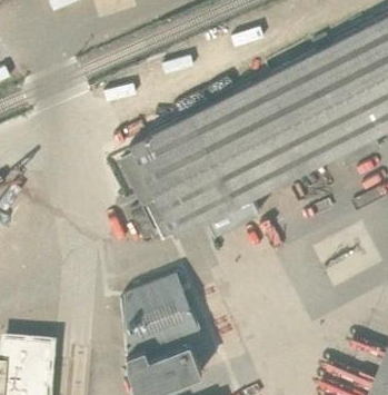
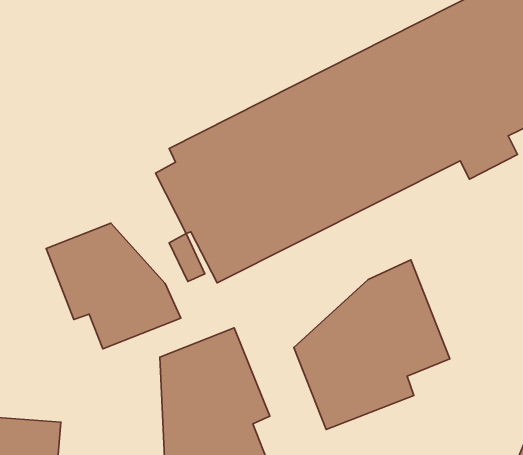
building: none -> [46,223,181,349]
building: none -> [294,260,450,430]

